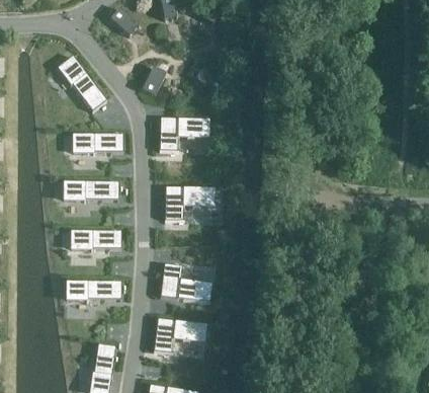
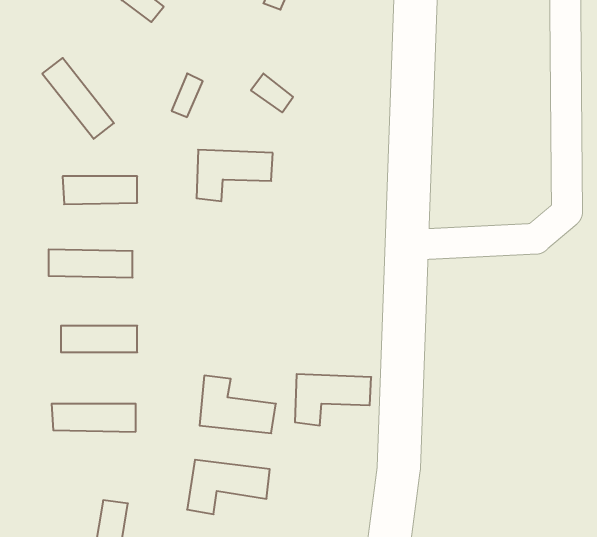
building: [165,186,214,220] -> [295,374,371,425]

